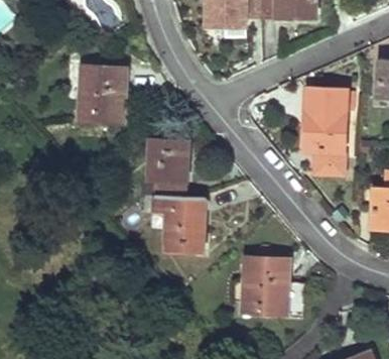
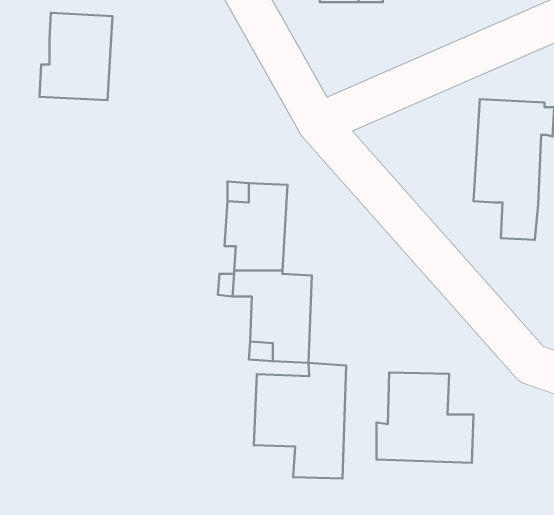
building: [80,67,125,121] -> [40,13,112,100]
building: none -> [254,363,346,479]

